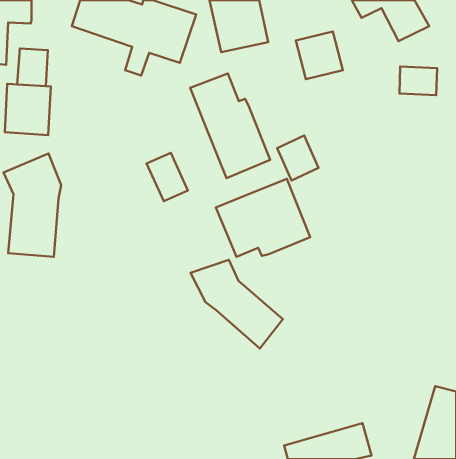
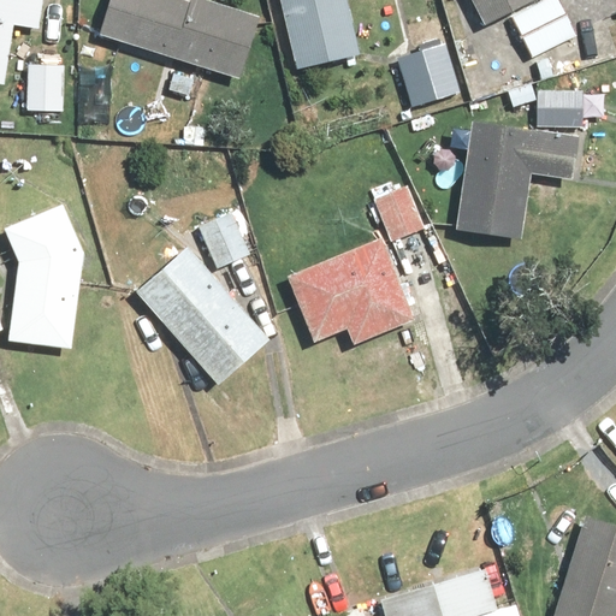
building: [190,74,270,178] -> none
building: [5,84,51,135] -> none
building: none -> [464,126,576,235]
building: none -> [136,242,272,383]
building: [190,260,283,349] -> none

